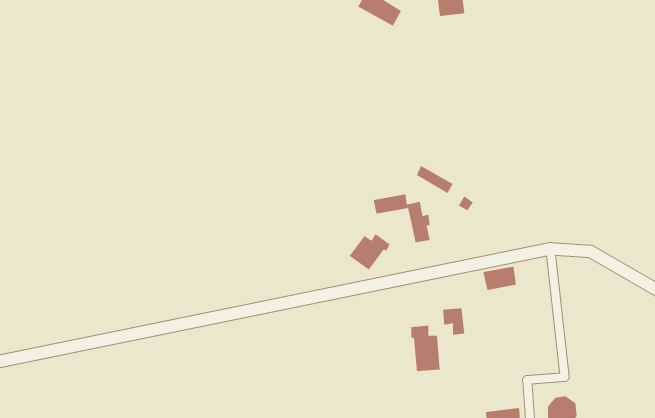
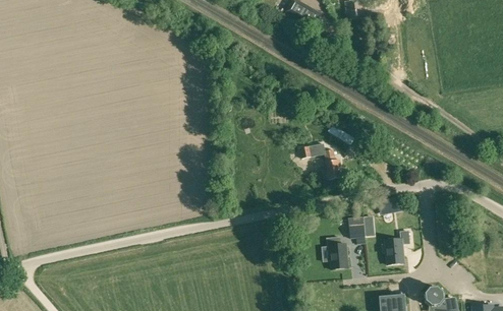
building: [349,233,391,270] -> none
building: none -> [382,231,409,264]

